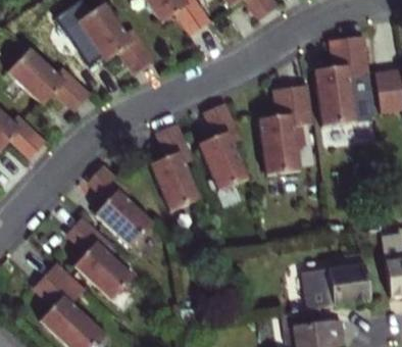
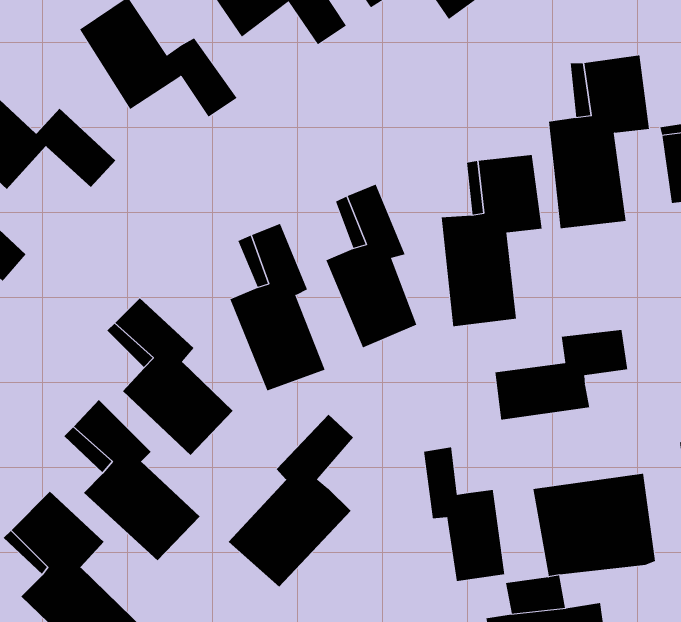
building: none -> [495,329,628,420]
building: none -> [228,414,354,587]
building: none -> [424,446,505,582]

